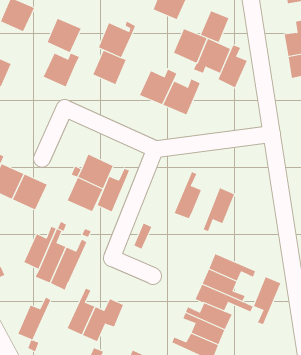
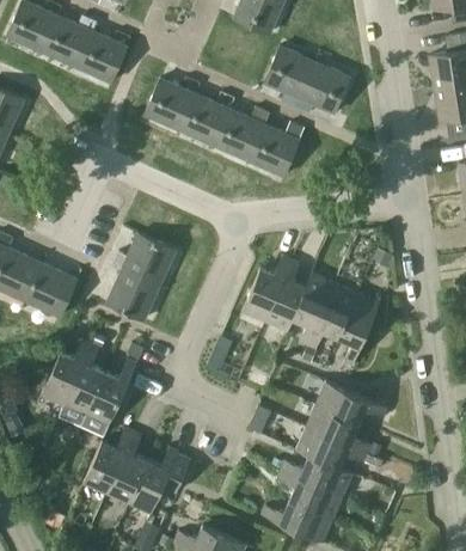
building: [200,10,229,43] -> none
building: [98,21,136,58] -> [179,91,235,146]
building: [218,45,248,88] -> none
building: [43,53,80,87] -> [42,16,97,67]
building: [97,168,130,212] -> [243,256,292,322]
building: none -> [294,274,333,345]
building: [253,277,281,325] -> [338,293,380,365]
building: [17,297,51,340] -> [84,428,134,492]

